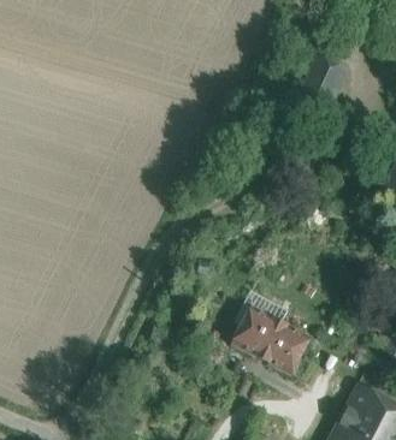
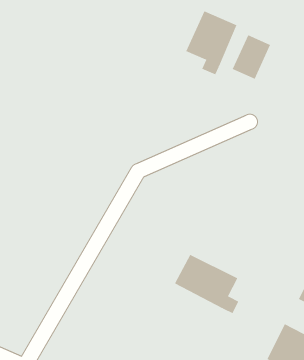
building: none -> [185,11,237,75]

